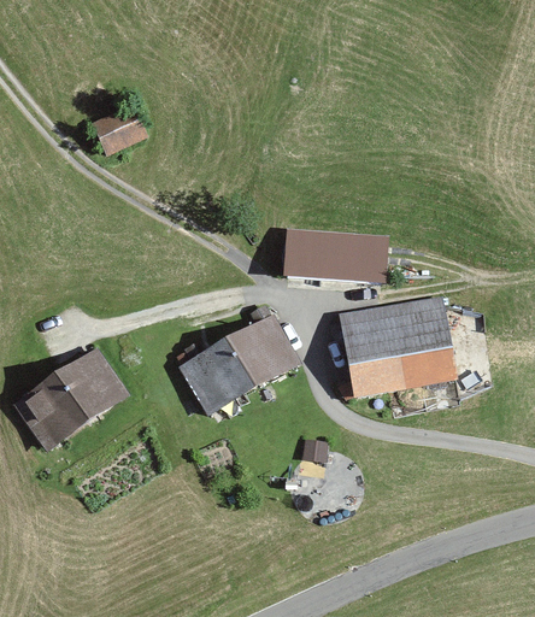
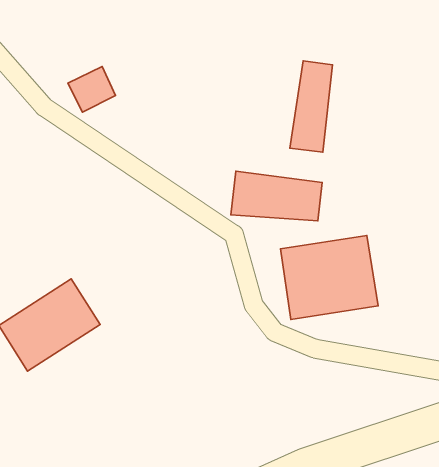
building: none -> [290,61,333,152]
building: [180,308,301,417] -> none

